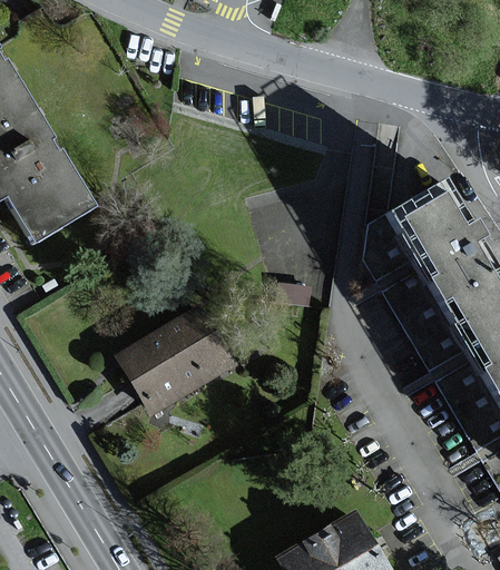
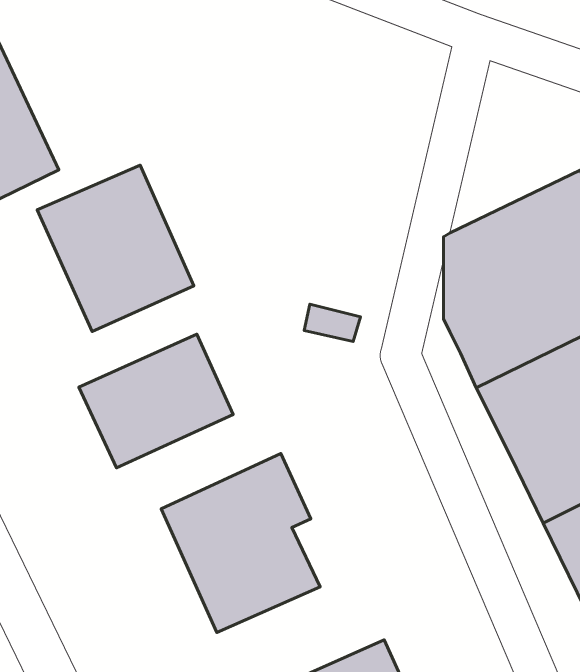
building: none -> [37,165,194,332]
building: none -> [161,453,320,633]

